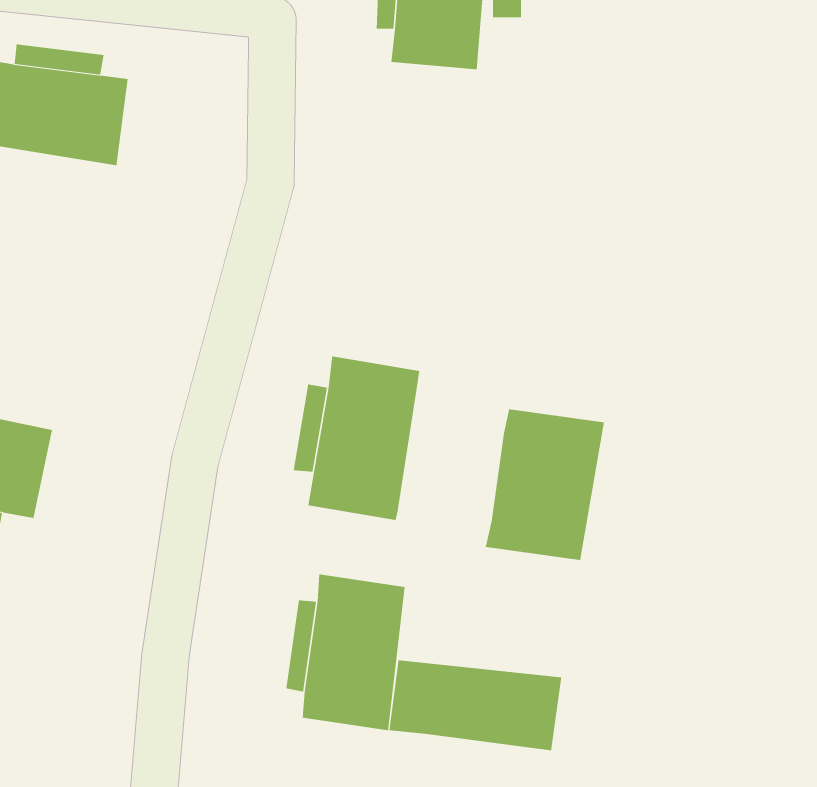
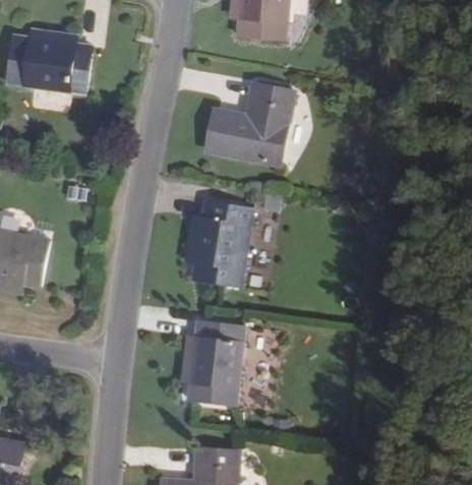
building: none -> [205,83,295,167]
building: [485,409,604,561] -> none
building: [389,659,562,751] -> none

